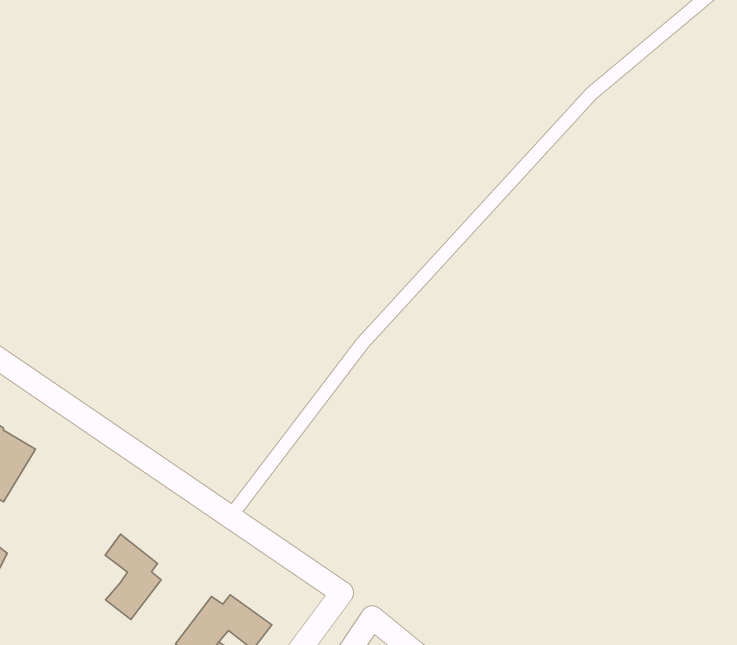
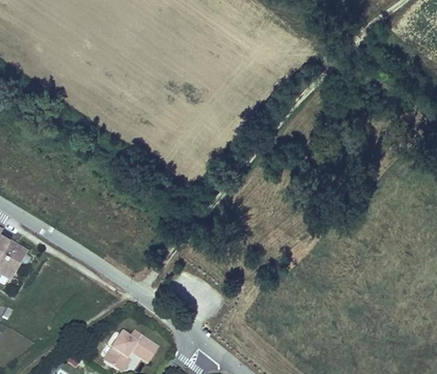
building: [105,534,161,620] -> none

